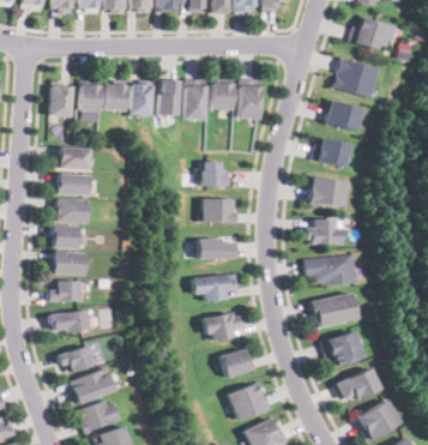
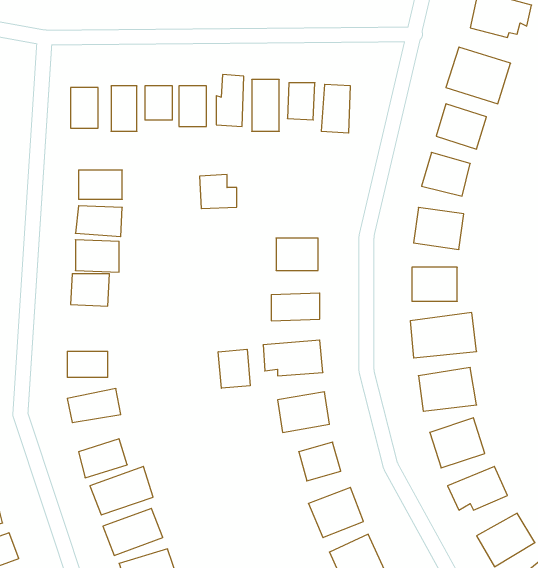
building: [204,161,231,186] -> [200,175,237,209]
building: [54,253,86,276] -> none
building: none -> [218,349,250,388]

